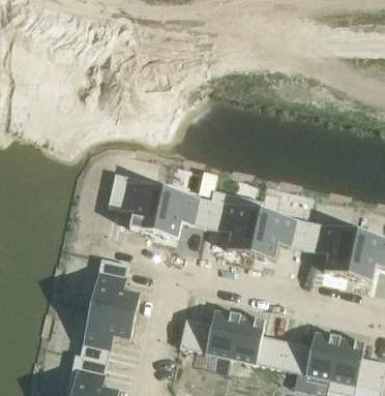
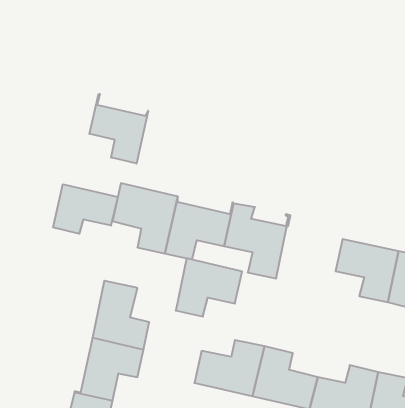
building: none -> [89,94,148,164]
building: none -> [53,184,118,234]
building: [250,210,308,261] -> [176,258,242,317]

